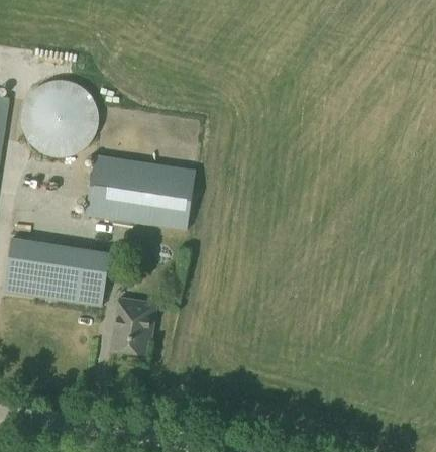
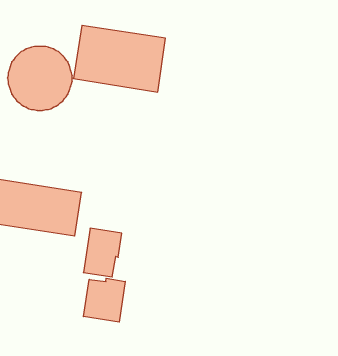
building: [86,154,195,233] -> [73,25,165,92]
building: none -> [83,278,125,322]

